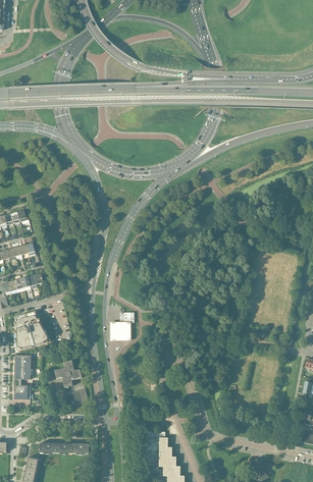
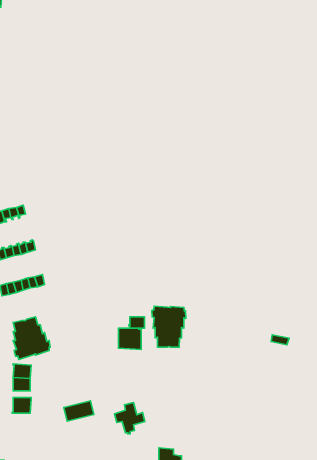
building: none -> [152,306,186,347]
building: [54,360,82,388] -> [114,402,145,434]

